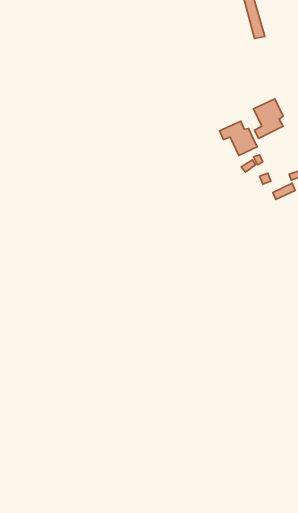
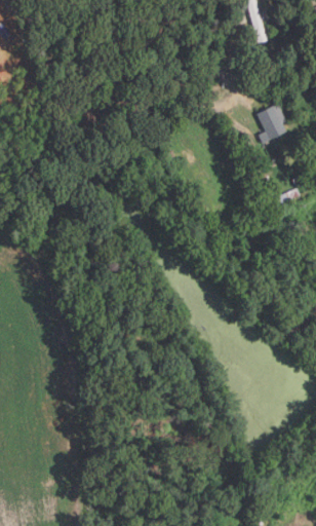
building: [219,121,257,156] -> none

